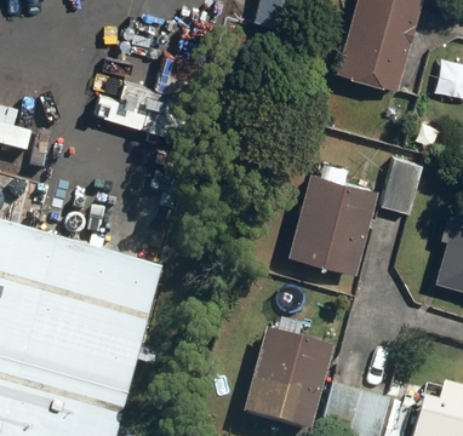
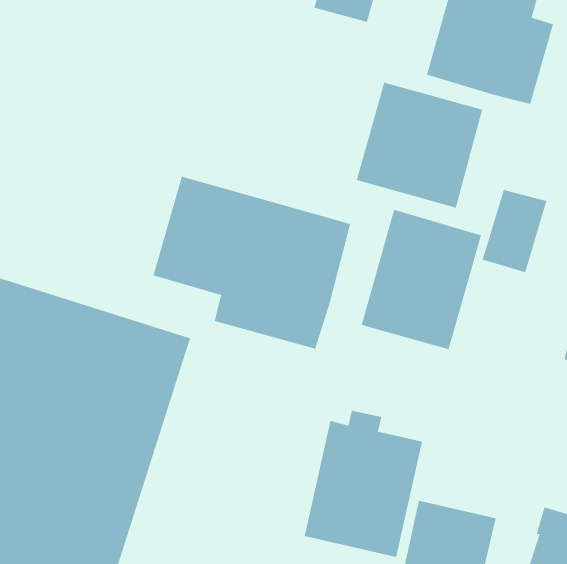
building: none -> [356,82,483,209]
building: none -> [153,176,351,349]

